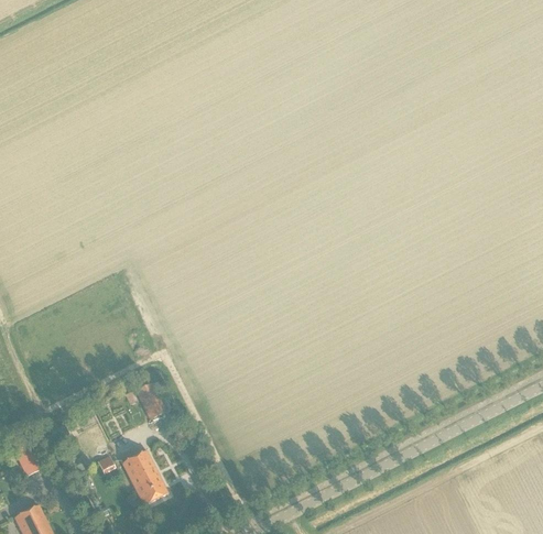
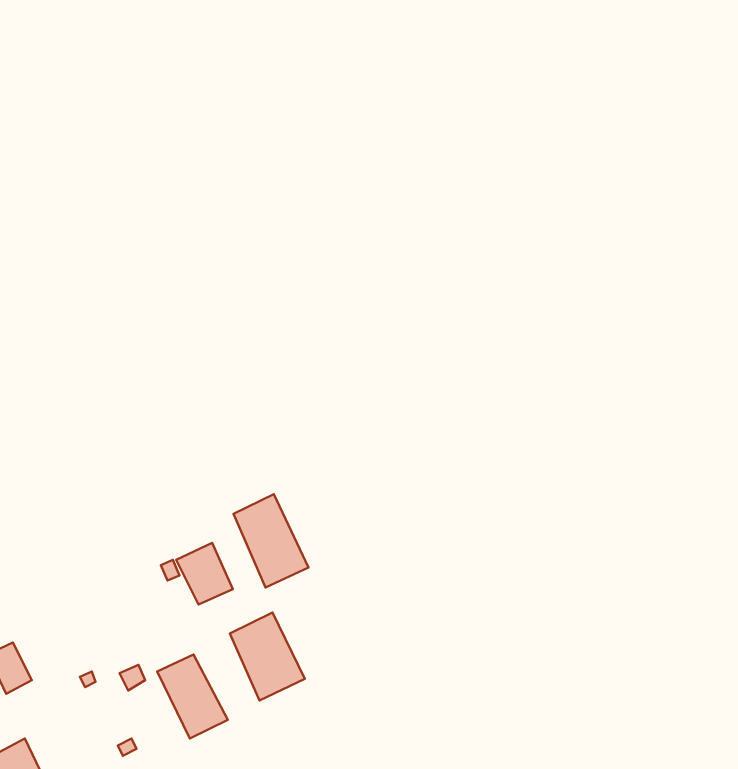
building: none -> [233,494,309,587]
building: none -> [230,612,305,700]

